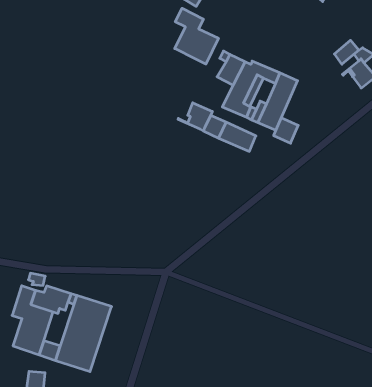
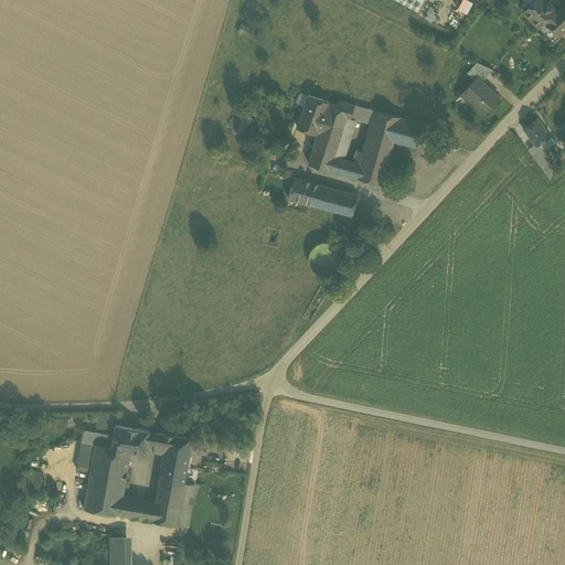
building: [175,8,218,64] -> none
building: [334,40,359,64] -> none
building: [178,103,212,131] -> none
building: [274,118,298,143] -> [392,117,422,148]

